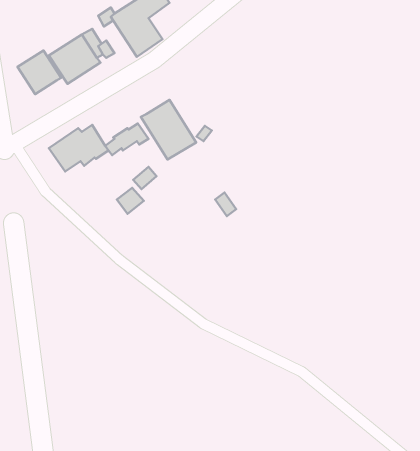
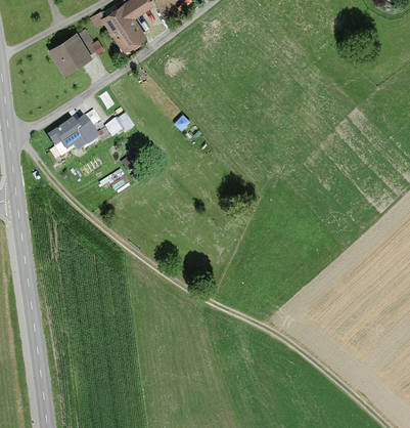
building: [17,51,61,94] -> none
building: [141,100,196,159] -> none

